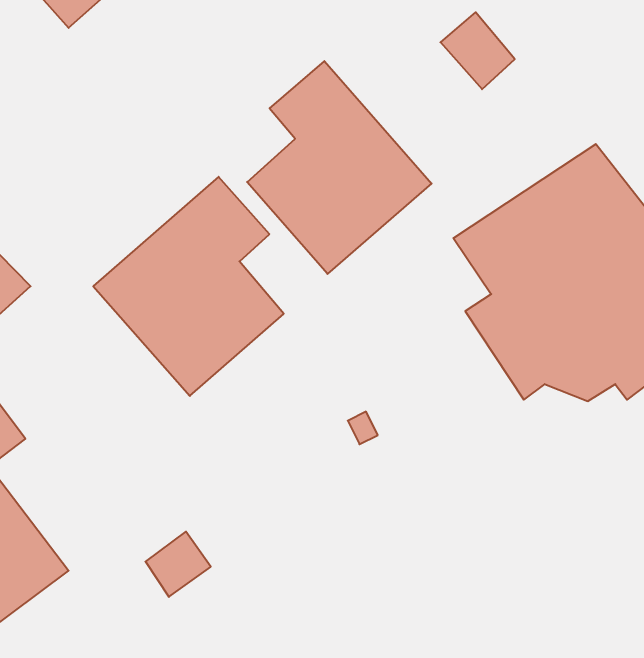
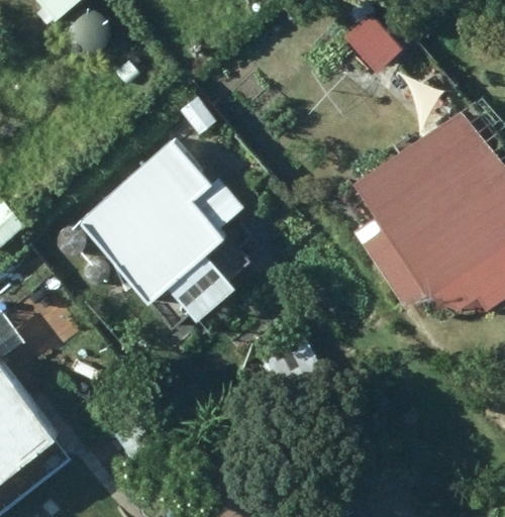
building: [247,61,432,274] -> none

